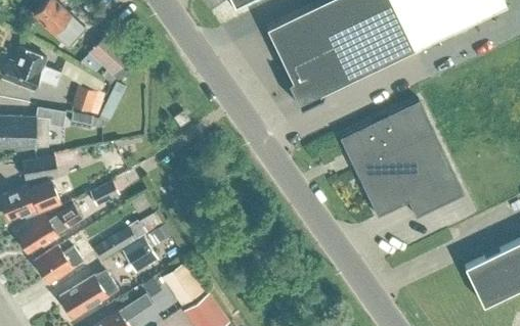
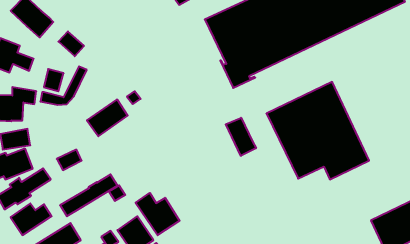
building: none -> [87,99,128,136]
building: none -> [226,118,256,156]
building: none -> [136,193,180,235]
building: [125,241,159,275] -> none

